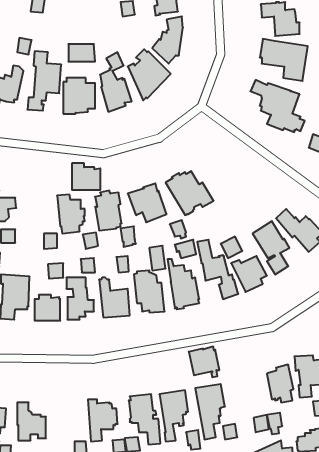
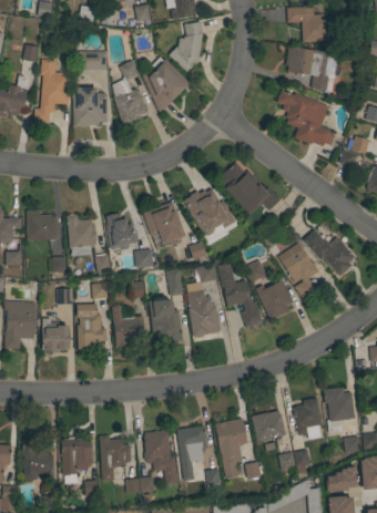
building: none -> [216,162,281,216]
building: [72,163,100,190] -> [27,211,58,239]
building: [189,347,219,377] -> [253,410,286,443]
building: none -> [61,437,93,484]

